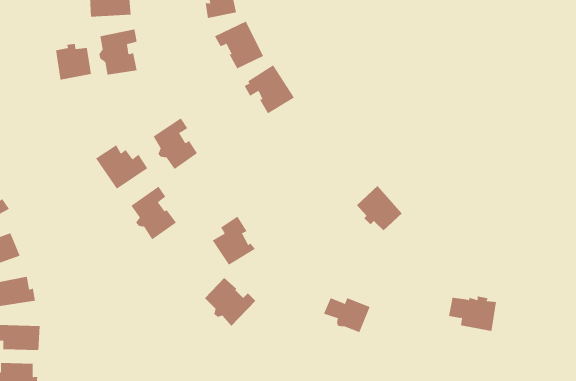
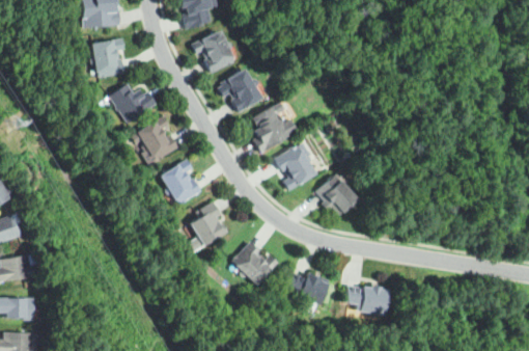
building: [56,43,91,81] -> none
building: none -> [251,101,297,153]
building: [95,144,148,189] -> [108,83,155,123]
building: none -> [274,145,315,190]
building: [131,186,177,240] -> [160,158,200,206]
building: [204,277,256,327] -> [231,242,277,286]
building: [448,296,497,331] -> [344,285,387,316]

